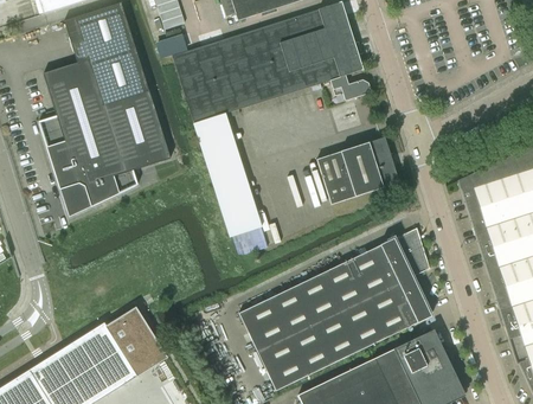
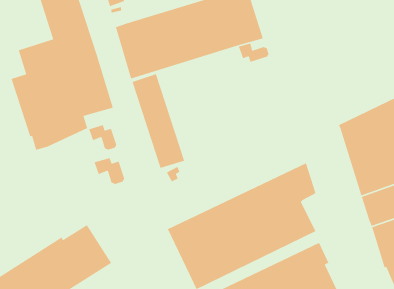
building: [316,136,399,203] -> none
building: none -> [88,124,117,151]
building: none -> [94,157,125,185]

